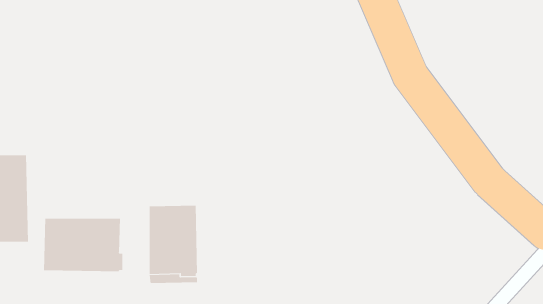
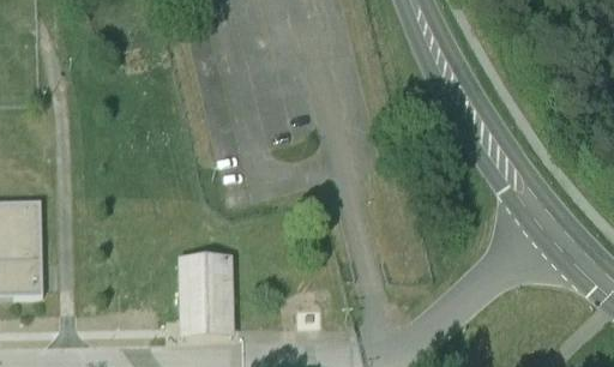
building: [43,218,123,272] -> none

